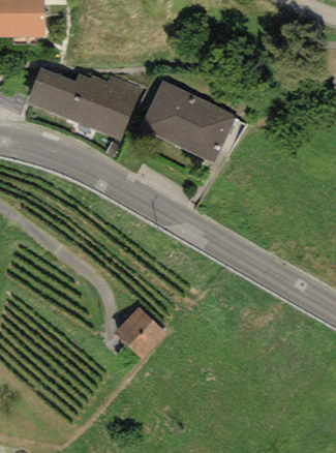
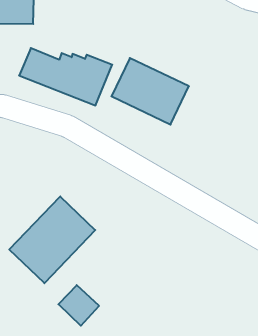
building: none -> [9,196,95,283]
building: [115,308,165,359] -> [58,285,99,326]

